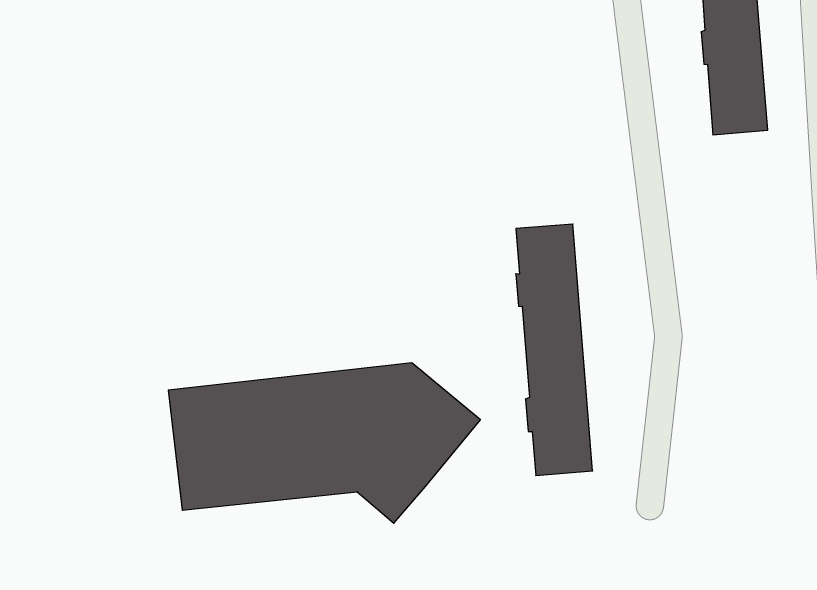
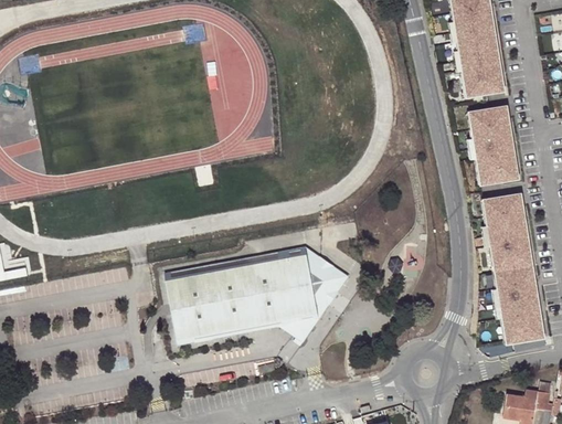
building: none -> [471,107,517,184]
building: [516,224,593,475] -> [486,194,543,343]

